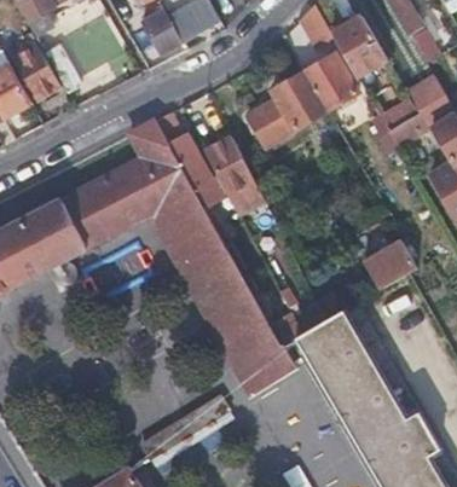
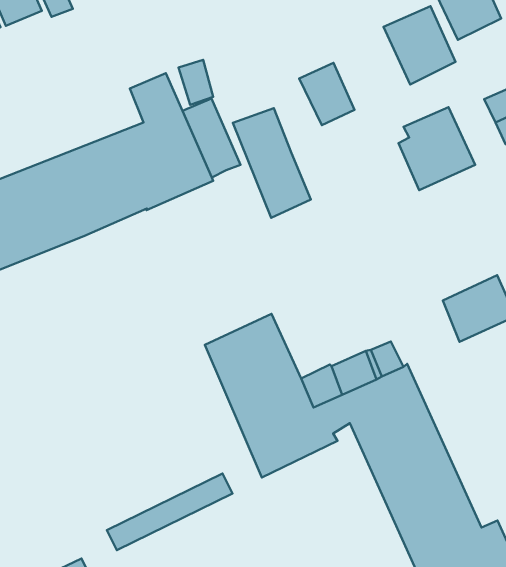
building: [268,73,324,133] -> [398,107,475,190]
building: [147,193,243,309] -> none

